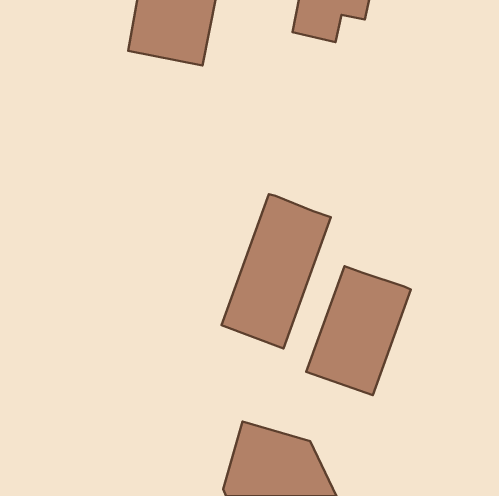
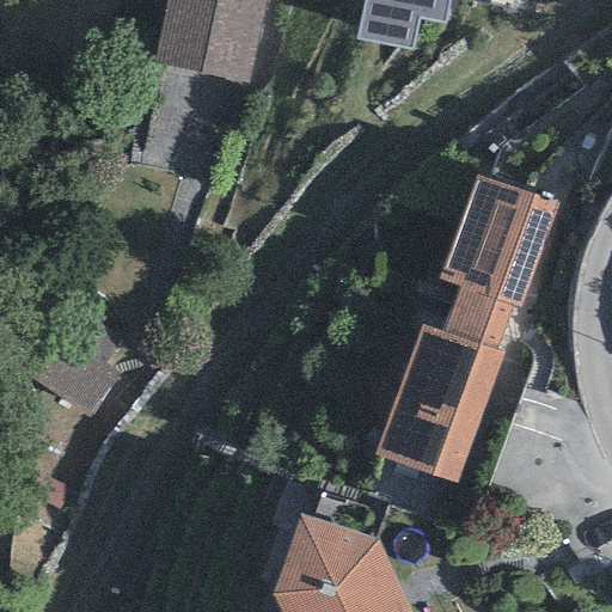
building: none -> [440,175,557,350]
building: [221,194,331,348] -> none

